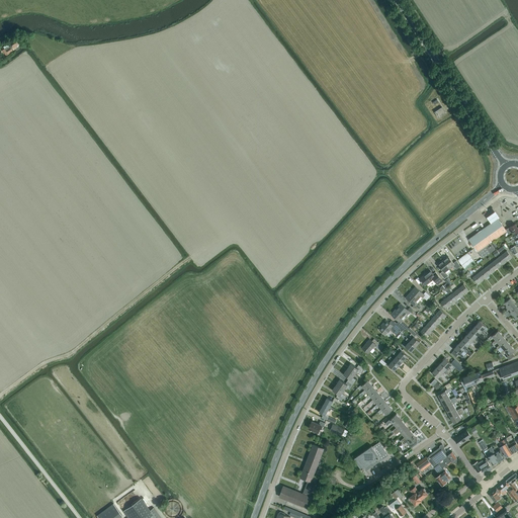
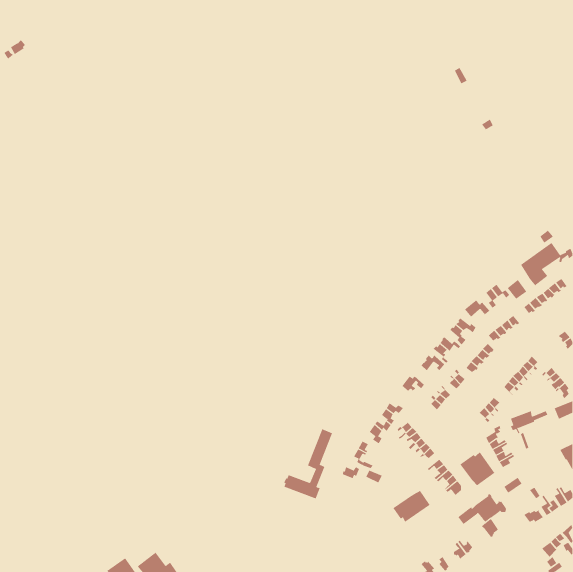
building: none -> [460,452,495,486]
building: [279,445,324,509] -> [284,429,333,499]

